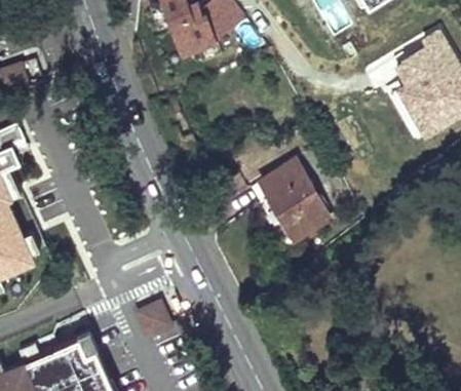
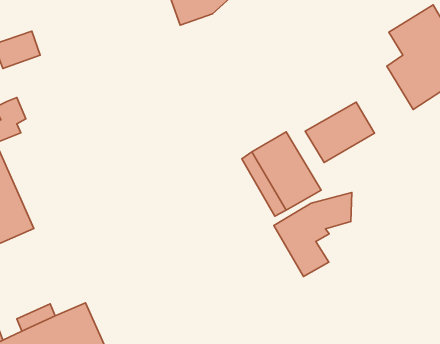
building: none -> [305,102,374,162]
building: none -> [274,193,352,276]
building: [135,299,174,338] -> none

